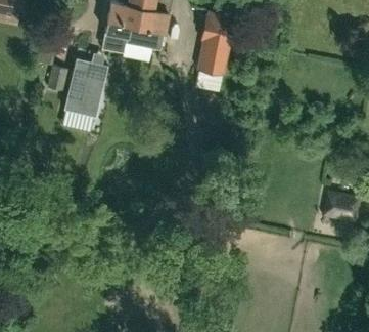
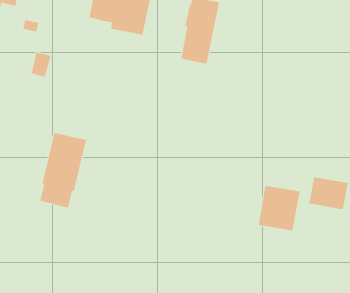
building: [60,59,107,134] -> [39,133,87,208]
building: none -> [258,185,300,231]

